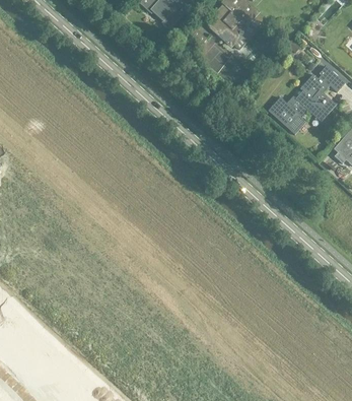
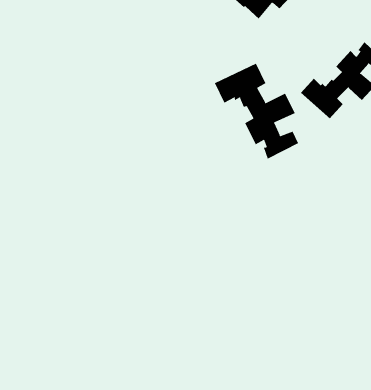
building: none -> [214,63,299,160]

